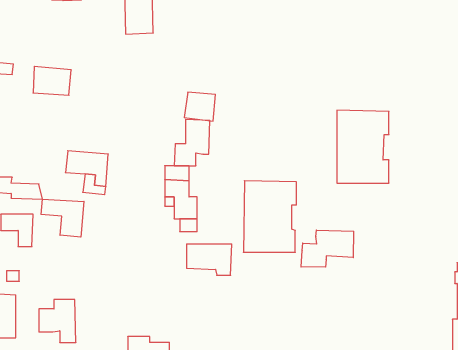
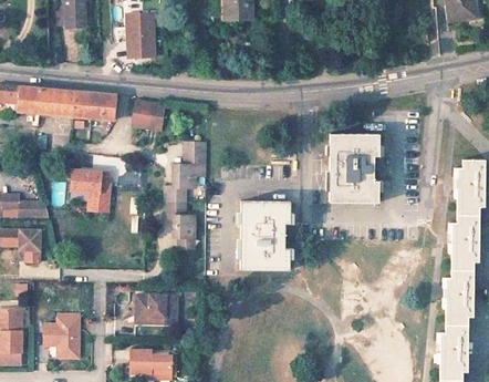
building: none -> [18,87,40,115]
building: none -> [73,93,116,121]
building: [184,92,215,121] -> [134,102,164,130]
building: [41,199,84,237] -> none
building: [301,230,354,267] -> none
building: [187,244,232,275] -> [135,295,178,324]

